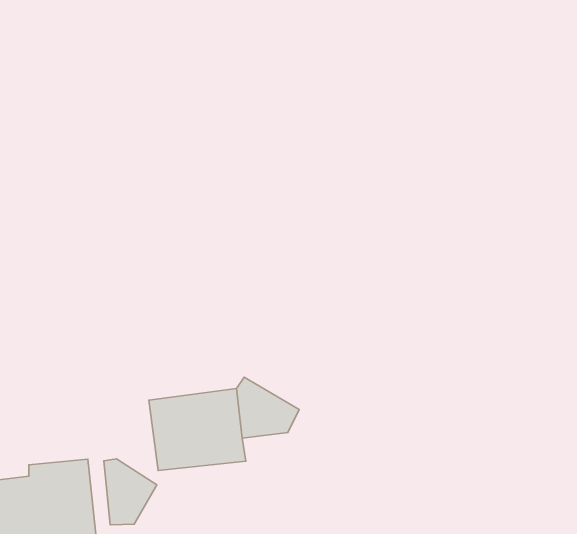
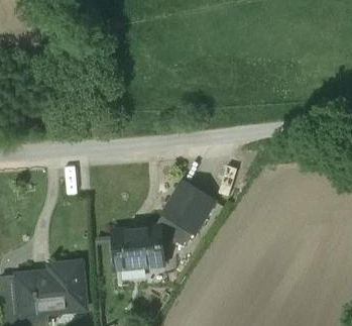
building: none -> [162,186,213,237]
building: [104,459,157,525] -> none

